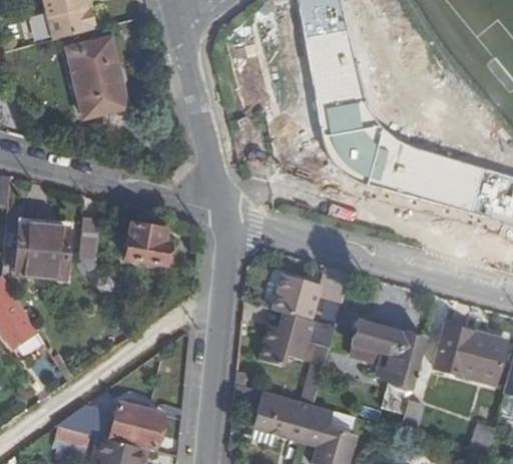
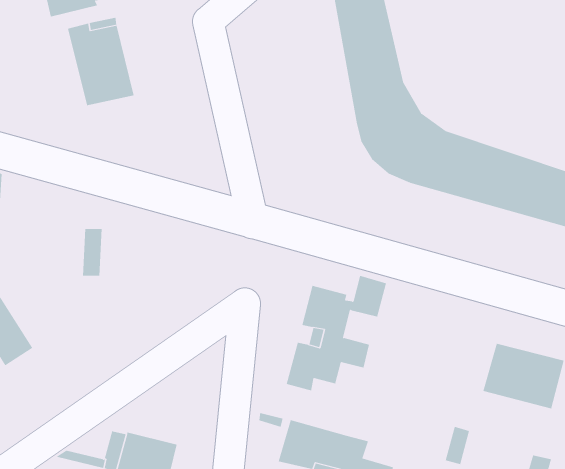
building: [124,222,167,265] -> none
building: [15,223,68,278] -> none
building: [348,320,424,388] -> none

